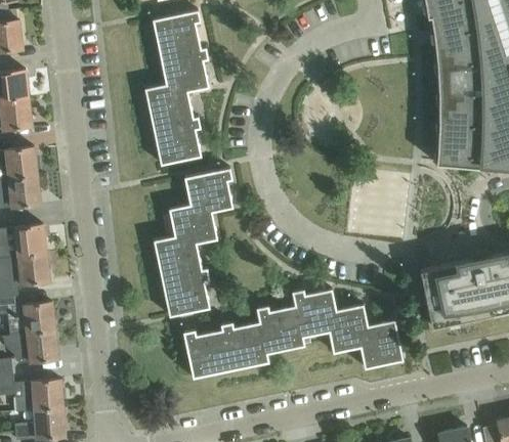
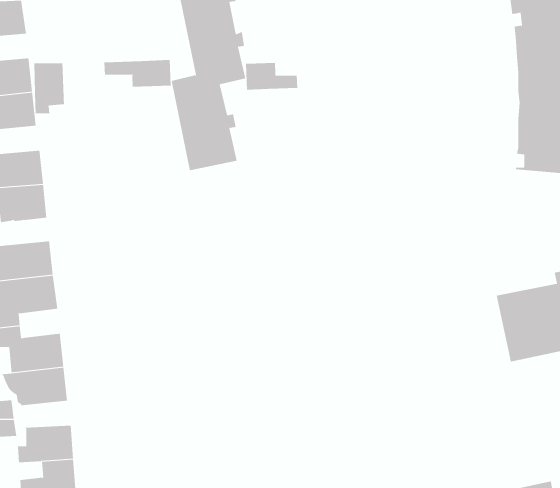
building: none -> [104,59,171,88]
building: none -> [245,62,298,91]
building: none -> [34,62,65,114]
building: [154,168,234,316] -> none
building: [183,289,404,379] -> none

